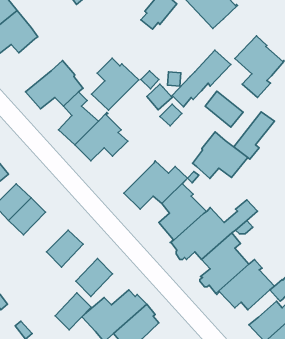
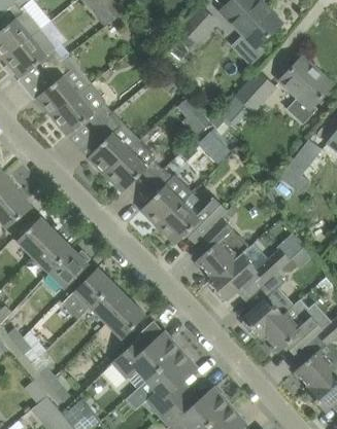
building: none -> [35,60,78,117]
building: [91,58,139,110] -> [139,171,191,227]
building: [205,91,243,127] -> none
building: [192,132,248,178] -> none
building: none -> [48,248,90,289]
building: [55,293,91,330] -> [90,283,129,323]

